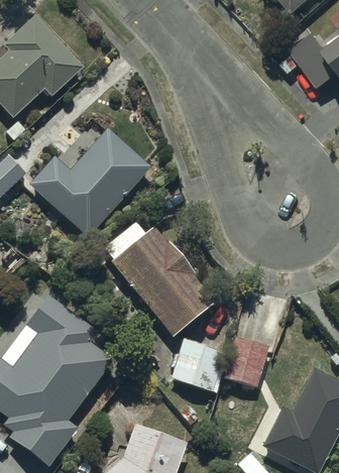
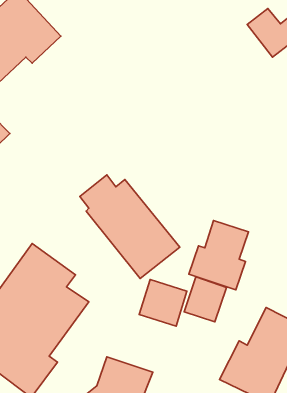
building: [28,128,148,236] -> none
building: none -> [189,221,248,290]

